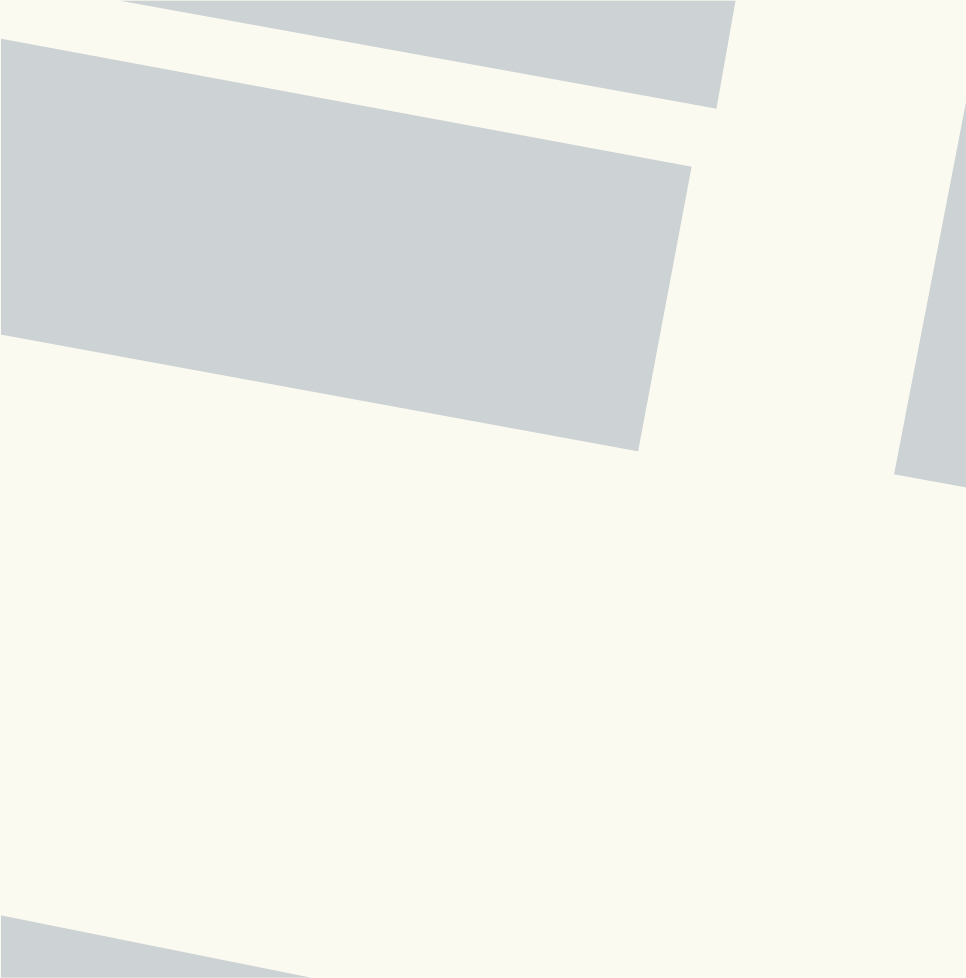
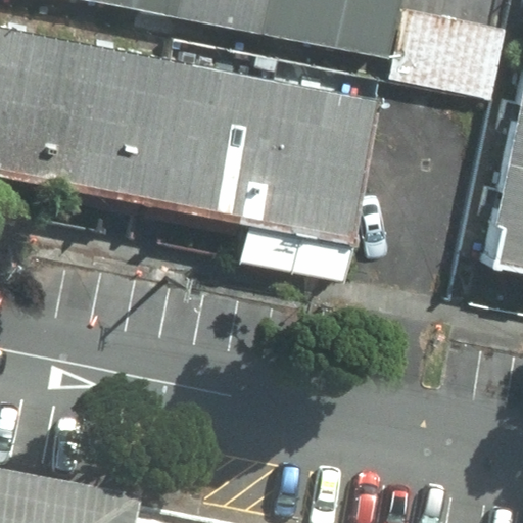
building: none -> [394,6,509,92]

